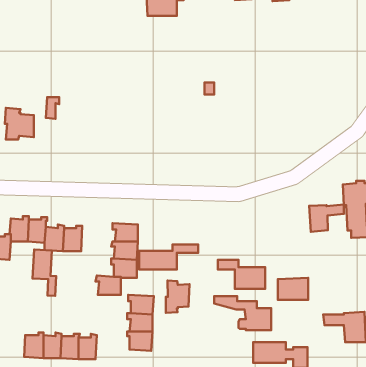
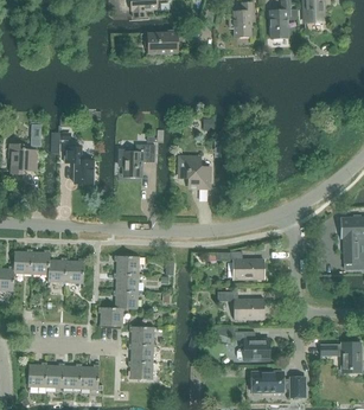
building: none -> [119,145,154,177]
building: none -> [64,147,94,185]
building: none -> [179,158,209,188]
building: [309,204,344,232] -> none
building: [139,245,198,270] -> none
building: [33,250,56,296] -> none
building: [278,278,308,300] -> [234,258,263,280]
building: [166,281,189,313] -> none

